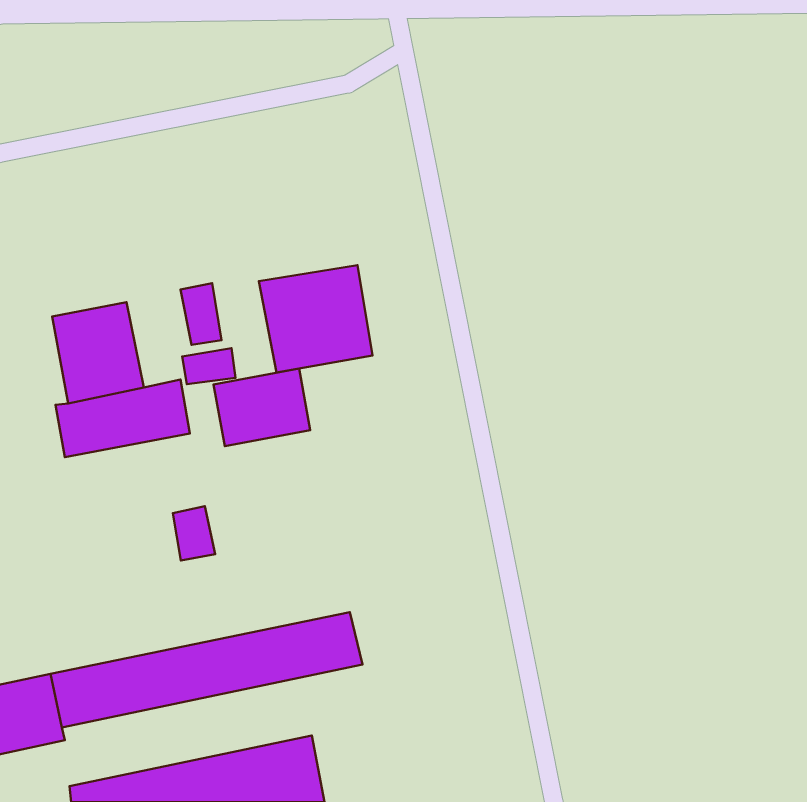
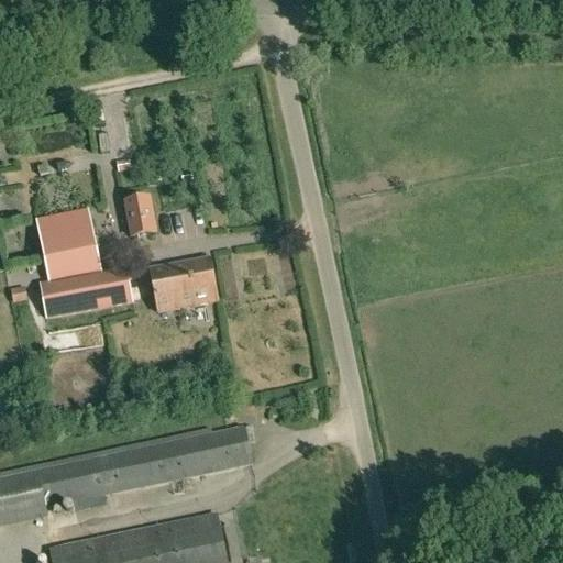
building: [259,265,373,373] -> none
building: [182,348,235,384] -> none
building: [173,506,215,560] -> none

